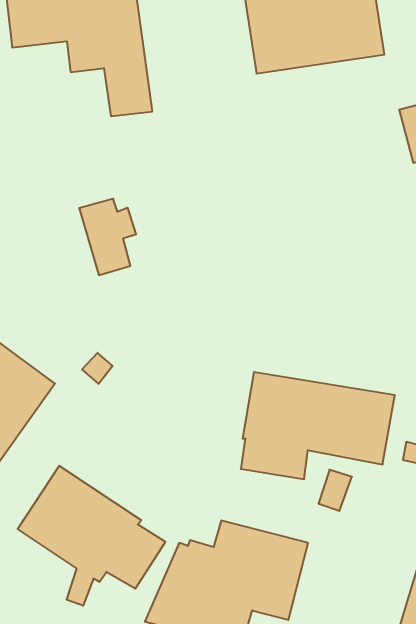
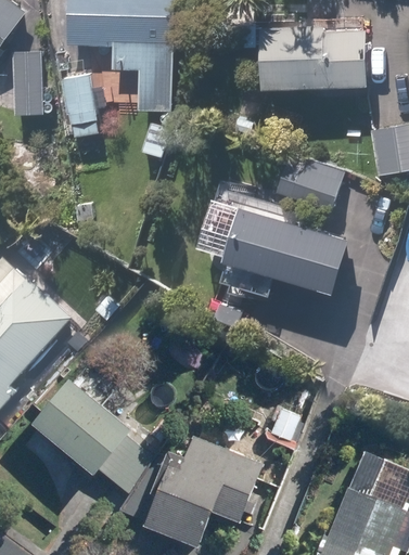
building: none -> [274,150,343,209]
building: [79,199,136,275] -> [63,75,106,134]
building: [241,372,395,479] -> [218,206,348,296]

